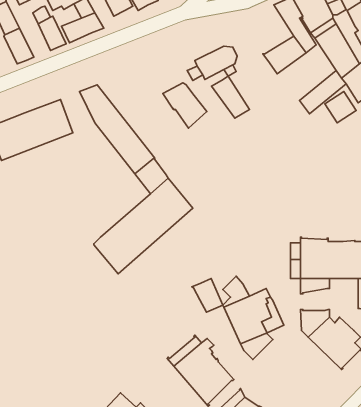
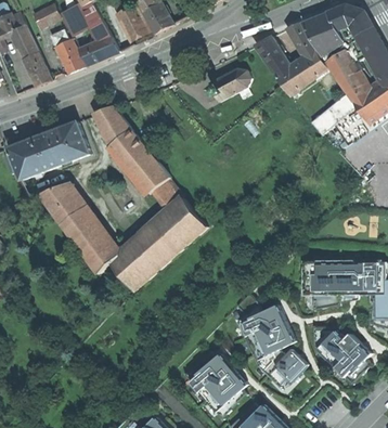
building: [212,76,249,118] -> [255,35,292,76]
building: [163,83,207,128] -> none
building: none -> [40,183,117,273]
building: [192,278,223,312] -> none
building: none -> [266,348,308,387]

